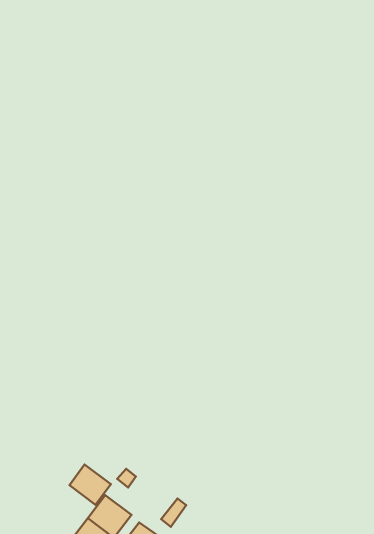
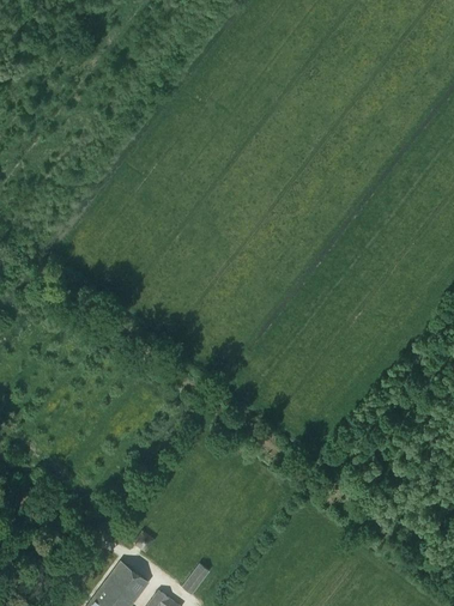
building: [69,465,111,505] -> none

